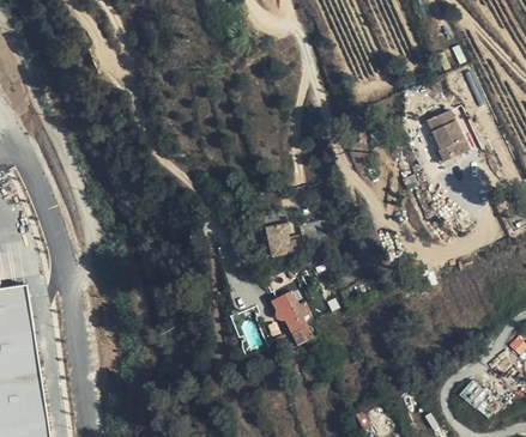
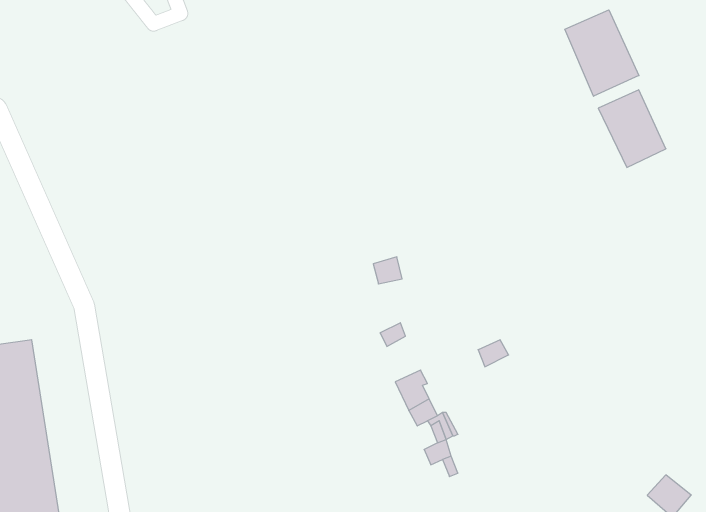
building: none -> [565,10,639,96]

